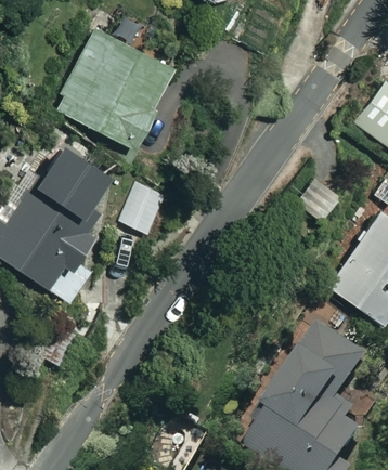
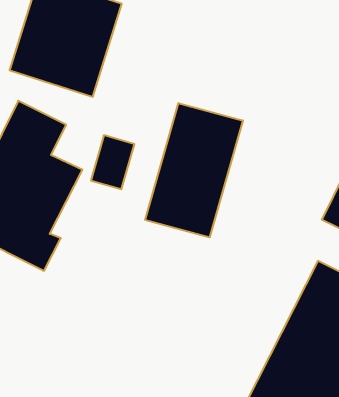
building: none -> [145,103,243,237]

